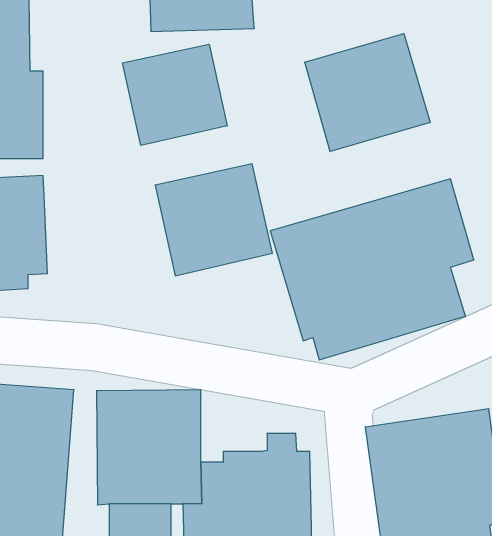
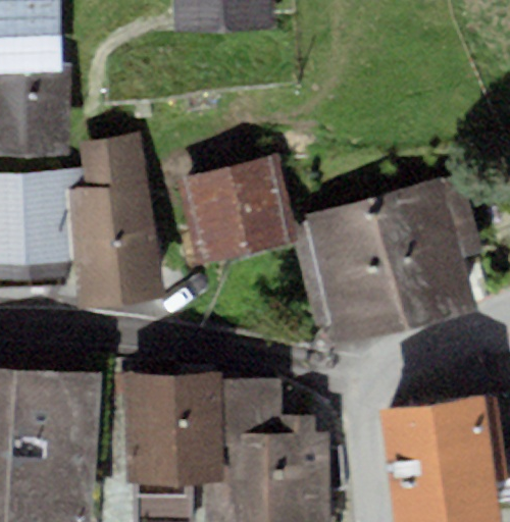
building: [305,34,430,152] -> none
building: [123,44,227,145] -> none
building: none -> [72,135,167,306]
building: none -> [222,379,280,443]

